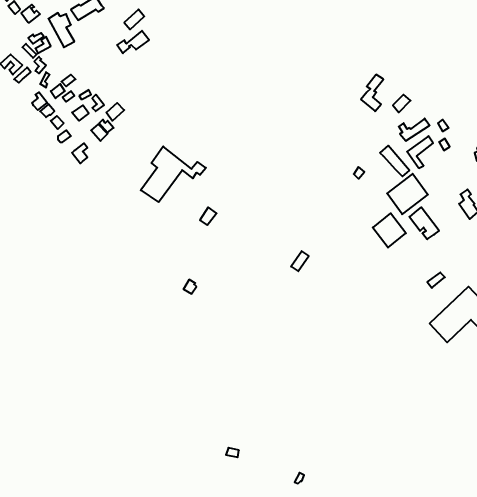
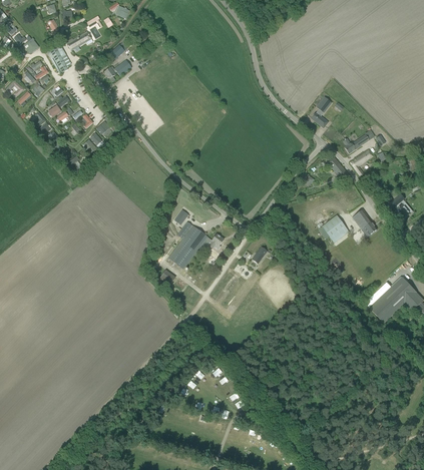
building: [141,146,206,202] -> [168,220,224,268]
building: [387,174,428,214] -> none

